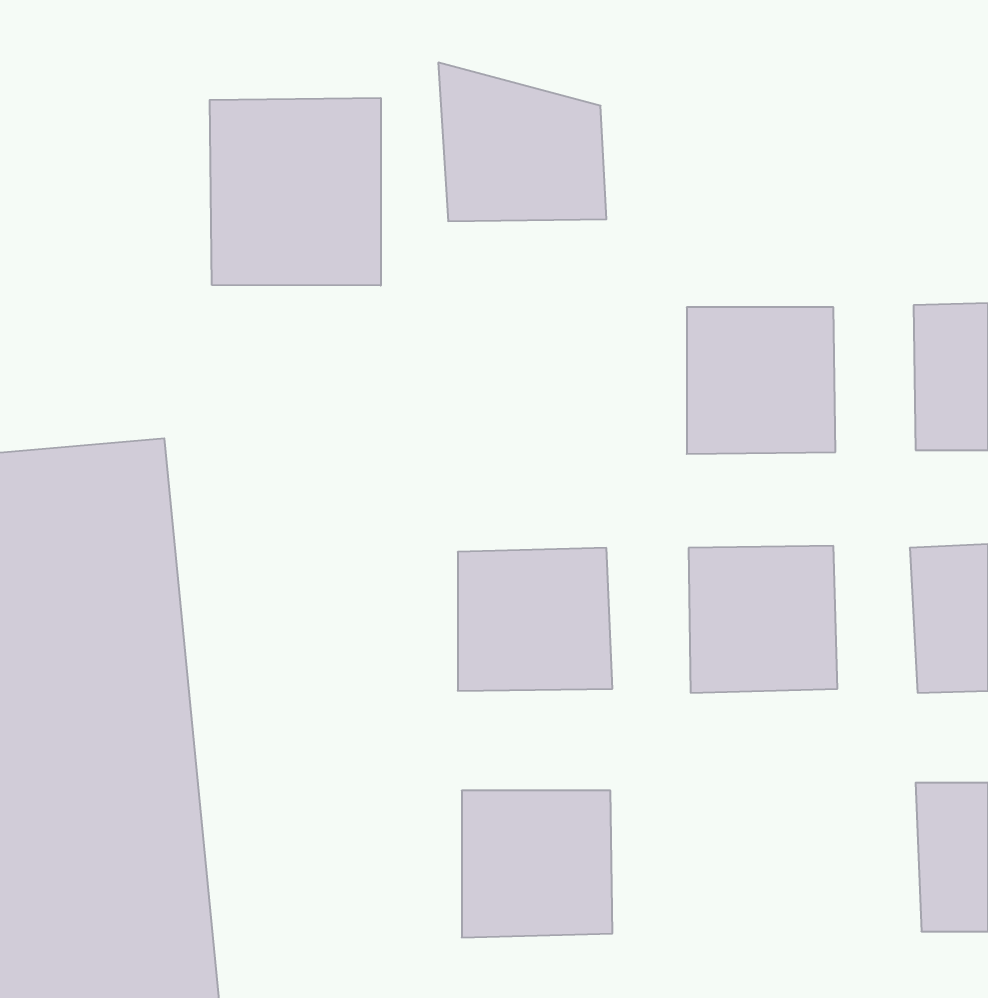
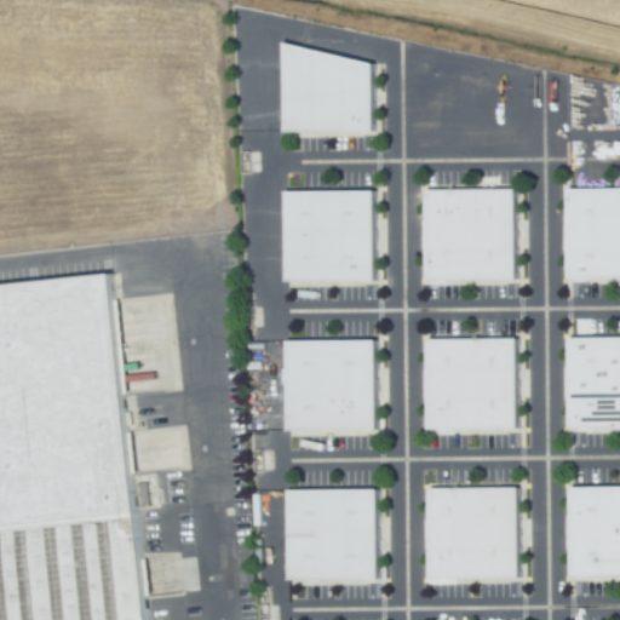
building: [210,98,381,286] -> none
building: none -> [282,191,374,282]
building: none -> [426,490,519,579]

